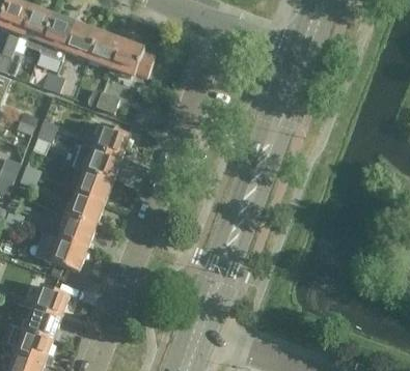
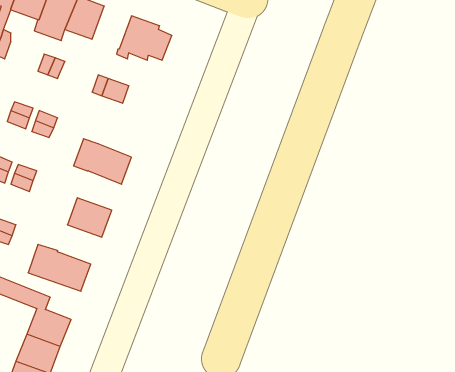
building: [87,31,120,67] -> none
building: [92,124,129,159] -> none
building: [75,170,112,203] -> none
building: [58,216,95,249] -> none

